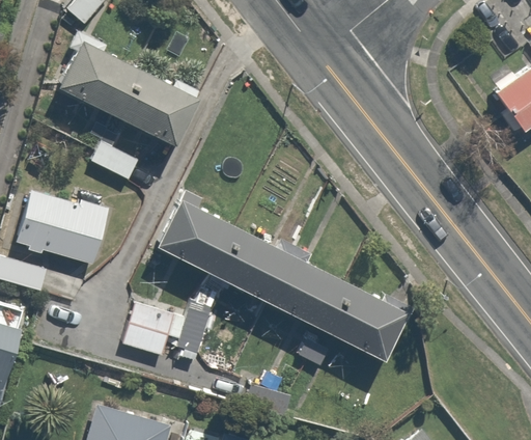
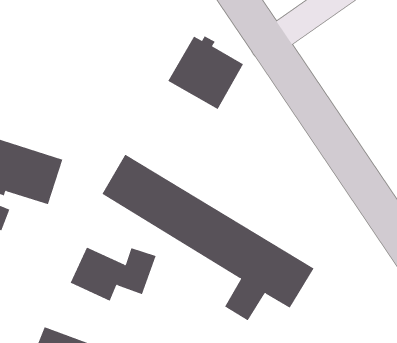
building: [57,39,190,181] -> none
building: none -> [167,36,244,110]

